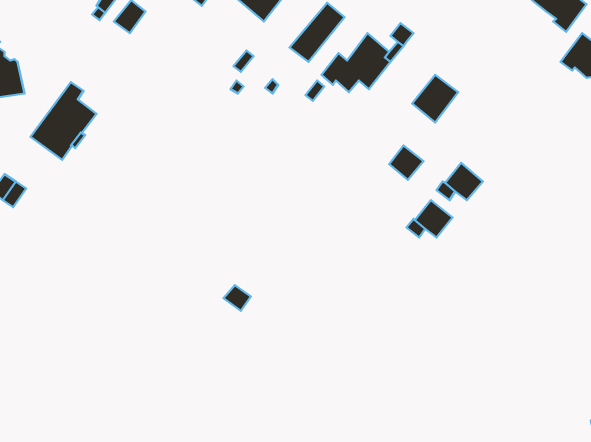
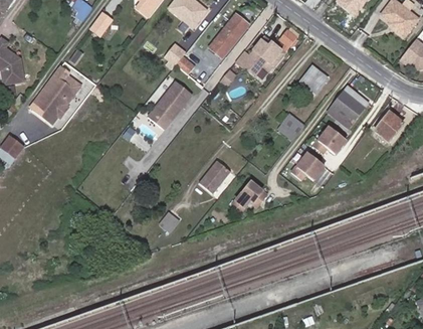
building: none -> [147,80,192,129]
building: none -> [328,92,365,128]
building: none -> [374,112,403,141]
building: none -> [200,161,230,193]
building: none -> [231,182,265,211]

